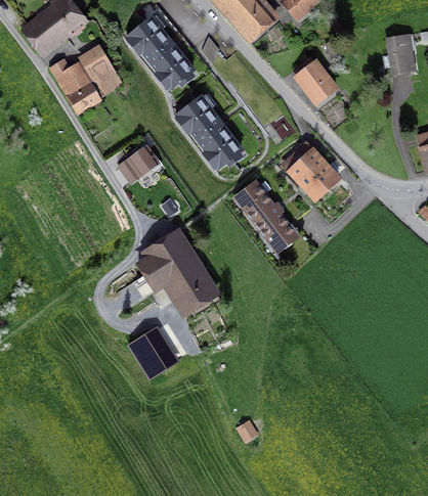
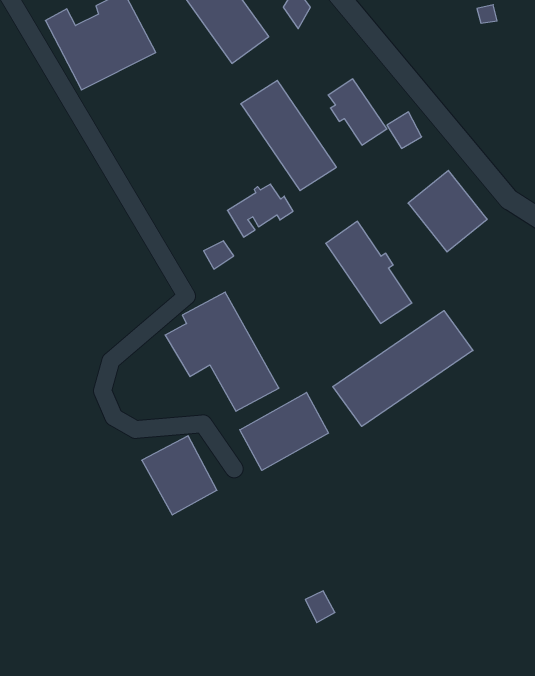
building: [294,58,333,100] -> [328,79,387,145]
building: [120,147,162,182] -> [227,184,293,237]
building: none -> [333,311,473,426]
building: none -> [240,392,328,470]

